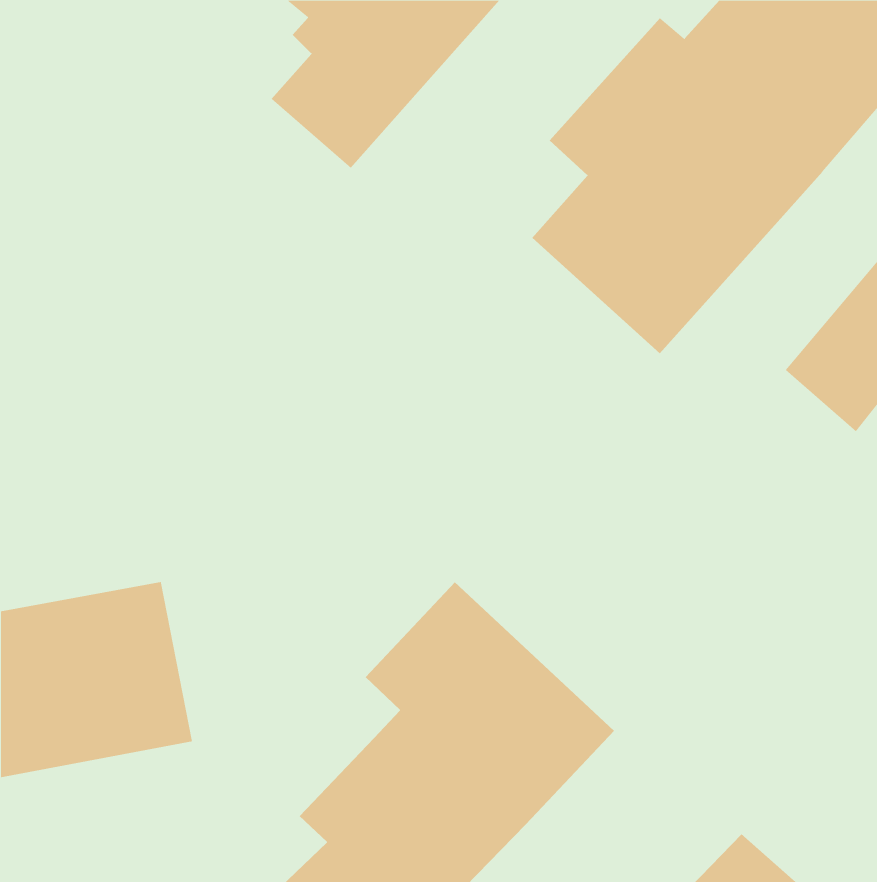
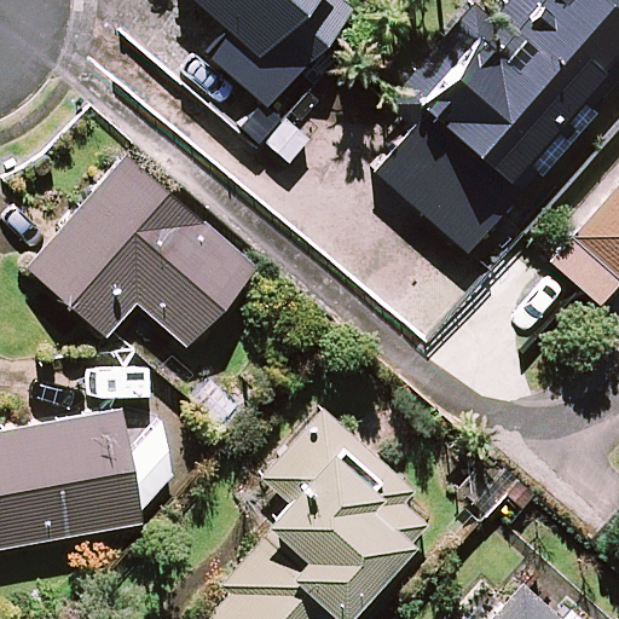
building: none -> [31,156,254,343]

